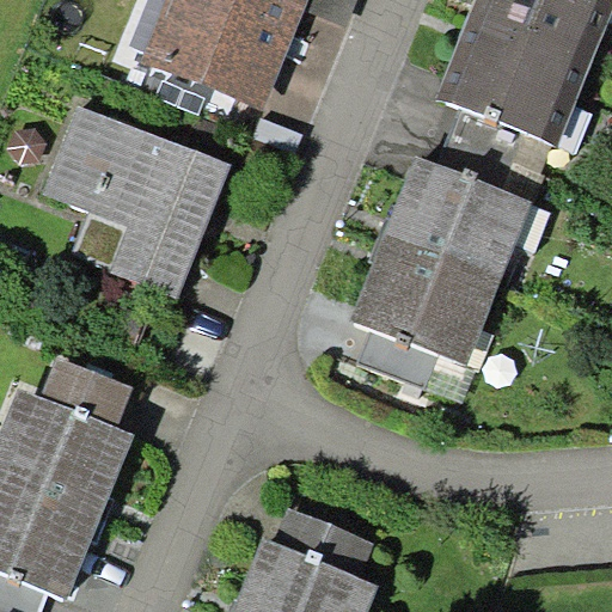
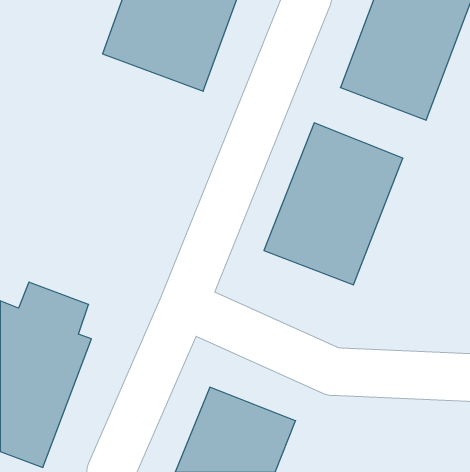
building: [48,106,238,306] -> none

